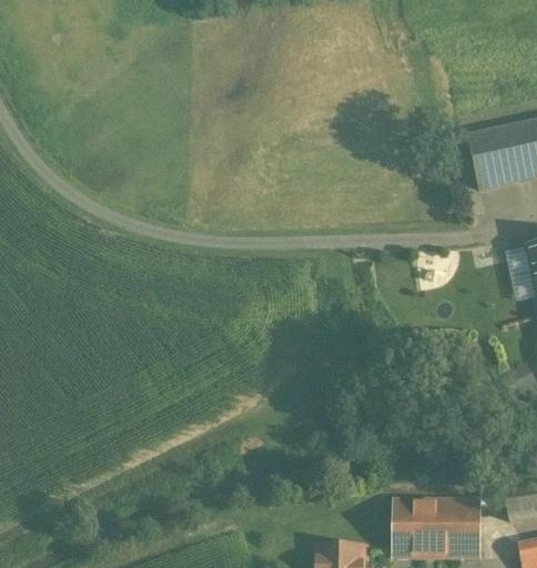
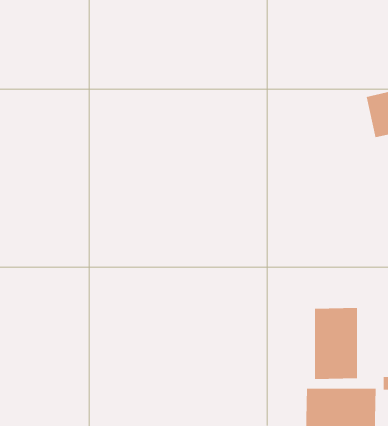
building: none -> [314,307,357,380]

